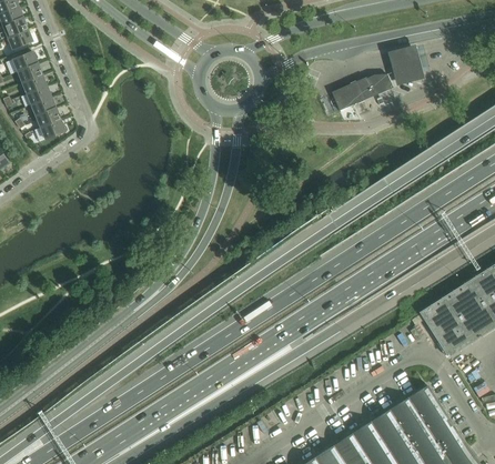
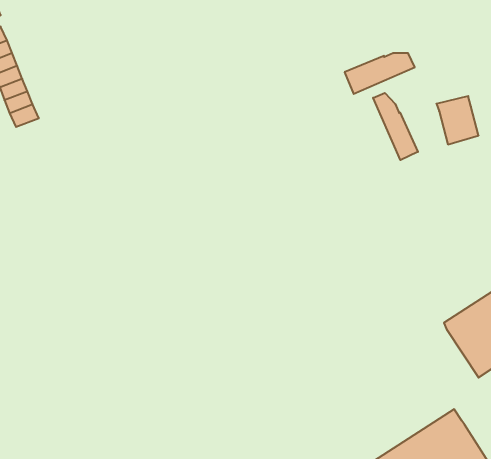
building: [390,46,426,88] -> [436,96,479,144]
building: none -> [373,93,418,160]

